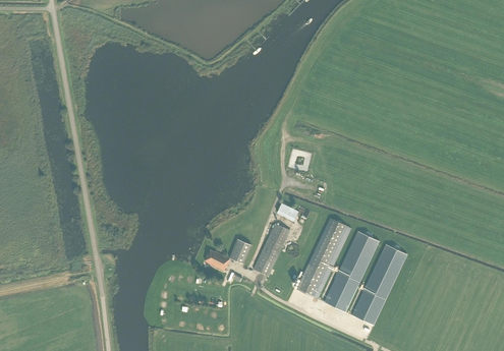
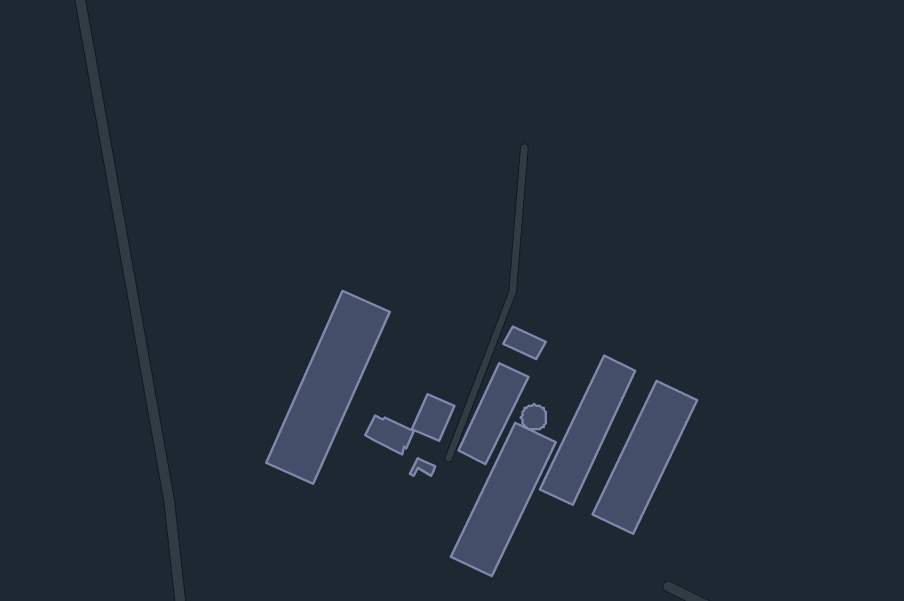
building: none -> [266,291,390,484]
building: [351,244,406,325] -> [451,423,556,576]

